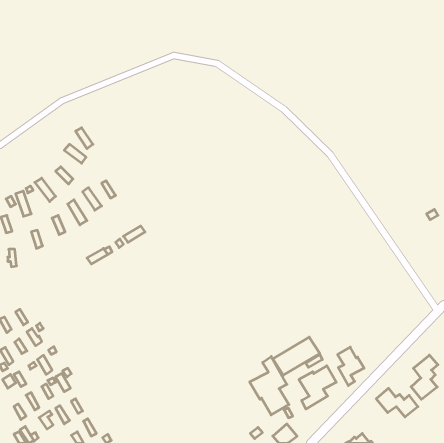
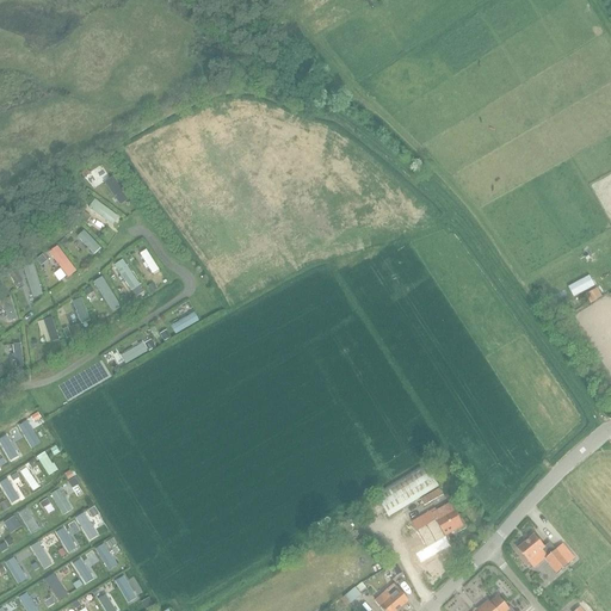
building: [338,347,364,386] -> none
building: [411,355,438,399] -> none
building: [250,356,289,415] -> none

